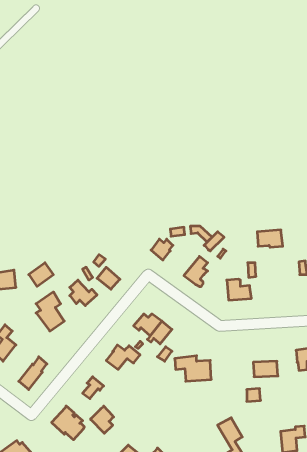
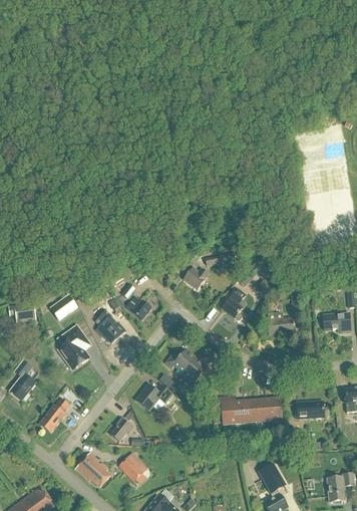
building: [257,230,283,247] -> [323,311,351,330]
building: none -> [250,399,282,422]

